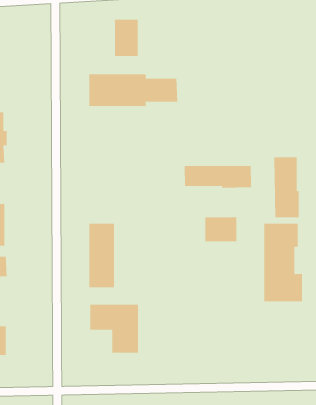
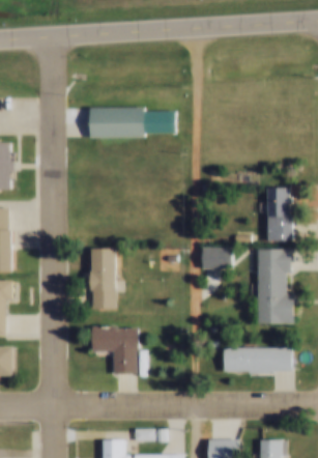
building: [115,19,138,57] -> none
building: [184,165,252,188] -> none
building: none -> [224,347,291,373]

